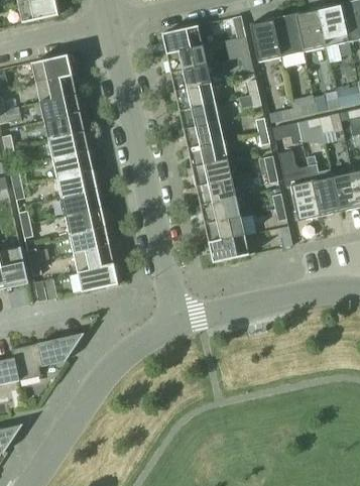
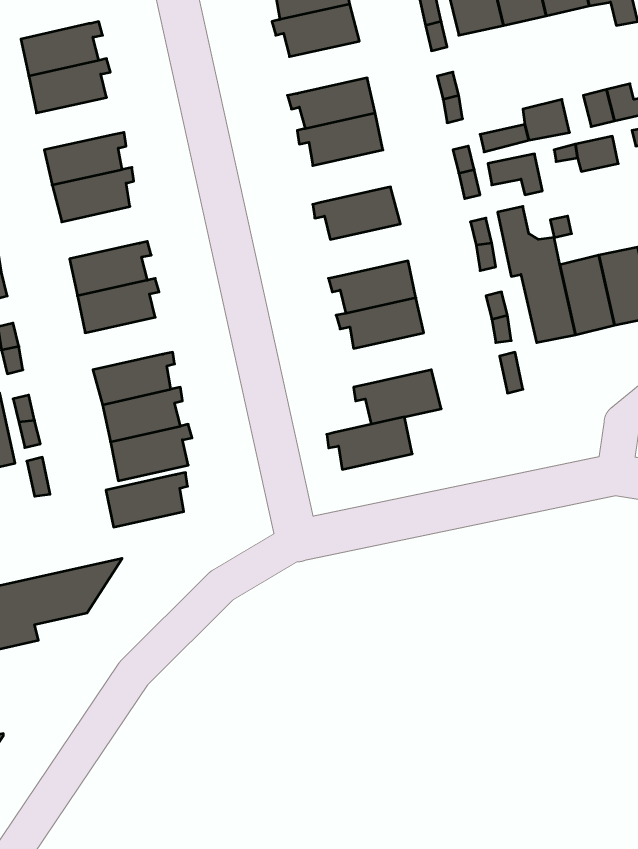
building: [165,65,211,92] -> none
building: [39,93,82,121] -> none
building: [178,121,223,148] -> none
building: [52,149,94,177] -> none
building: [187,159,232,187] -> none
building: [65,207,107,235] -> [106,473,188,527]
building: [200,216,244,243] -> [327,417,412,469]

